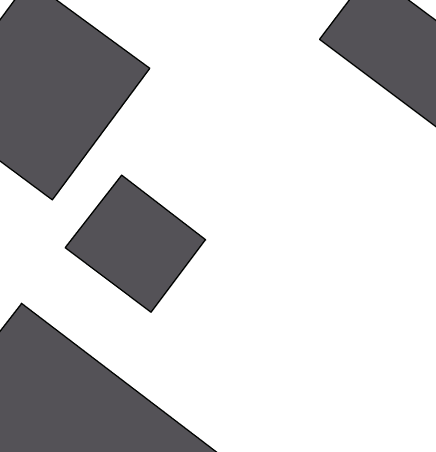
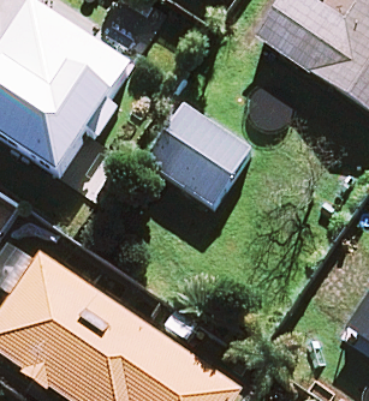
building: [65,175,206,312] -> [145,102,252,205]

